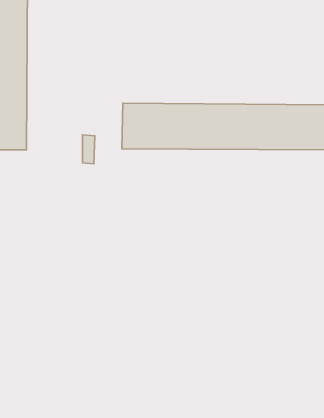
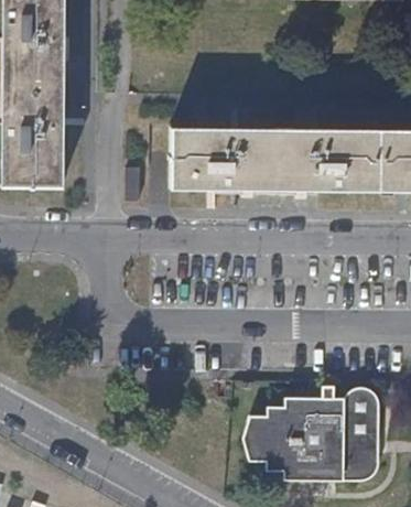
building: none -> [244,385,380,478]

